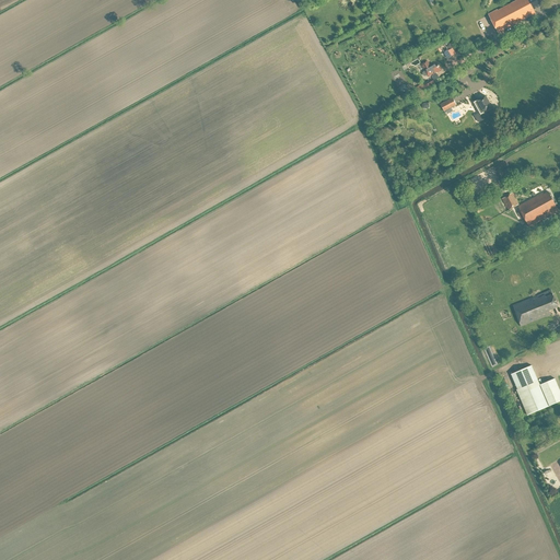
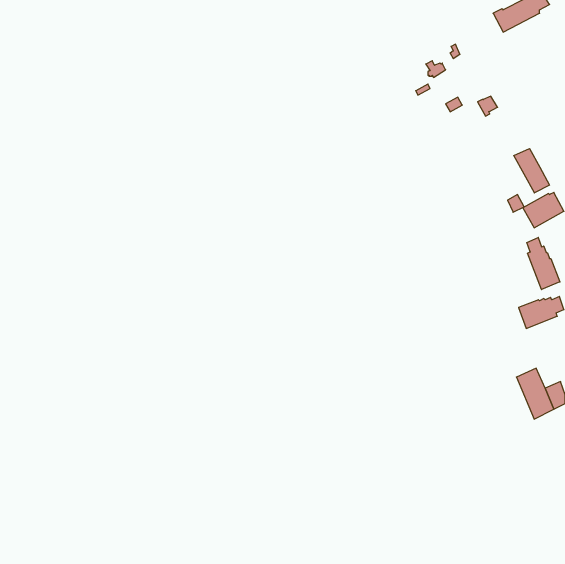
building: none -> [514,149,549,193]
building: none -> [527,237,560,290]

